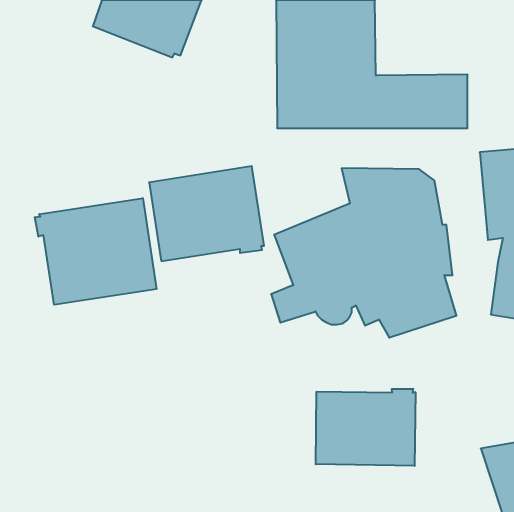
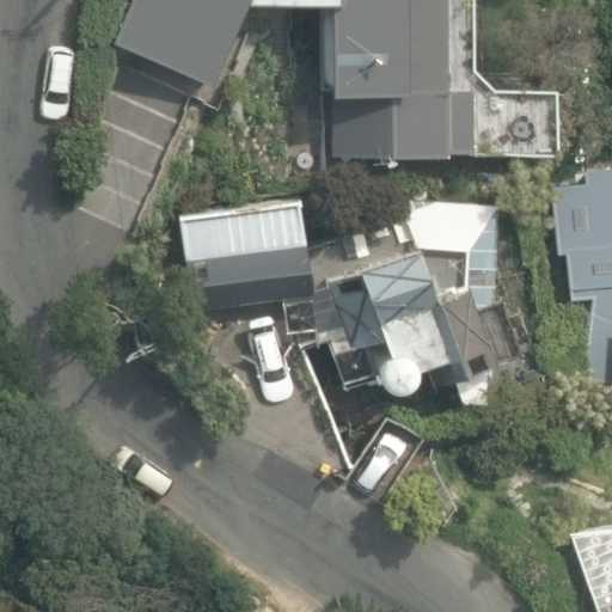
building: [35,198,156,305] -> none
building: [316,389,415,466] -> none

